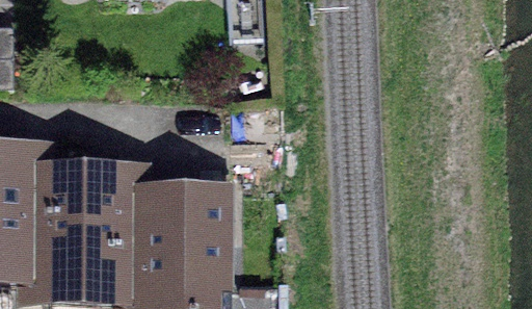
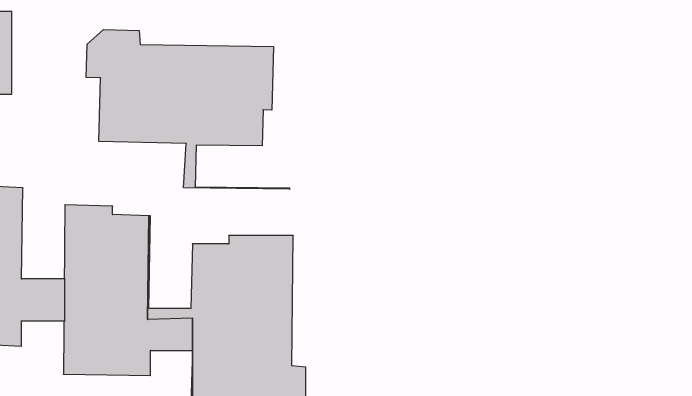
building: none -> [86,30,290,189]

